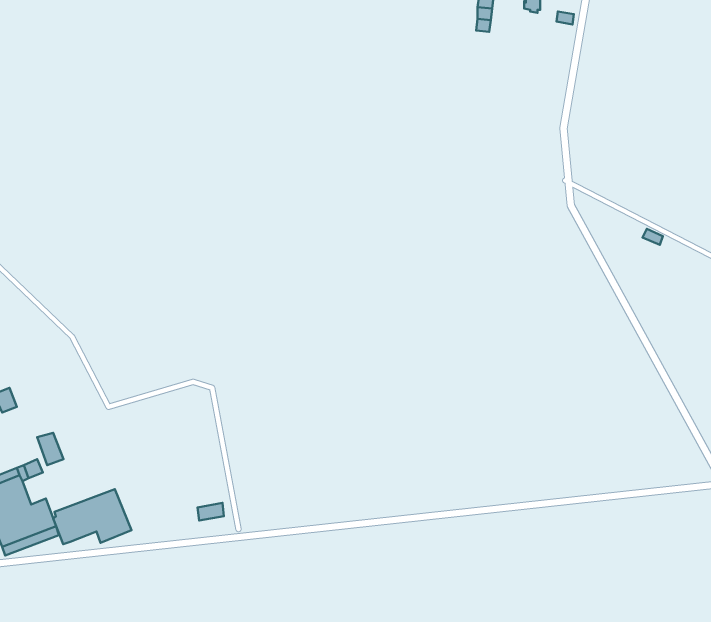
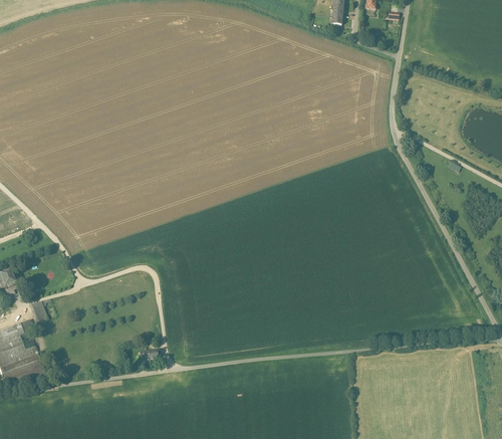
building: [53,489,132,544] -> none

